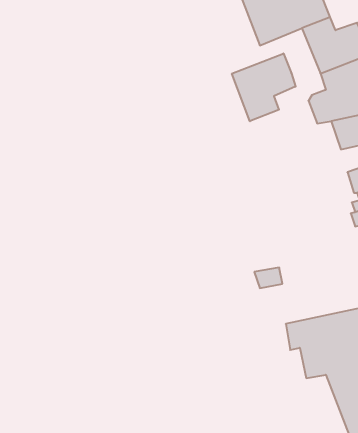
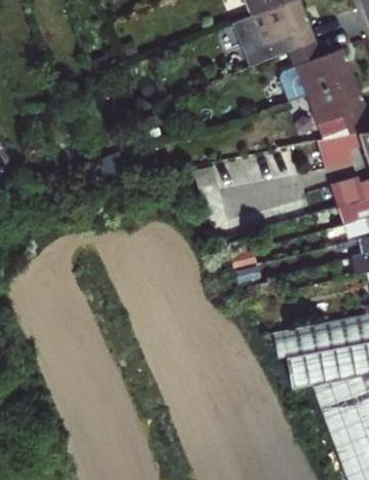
building: [232,53,296,121] -> none

